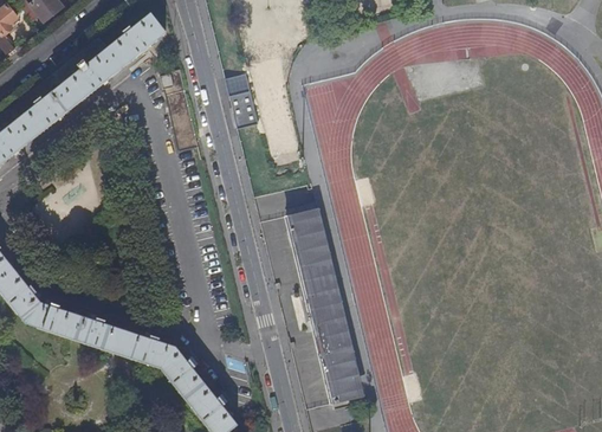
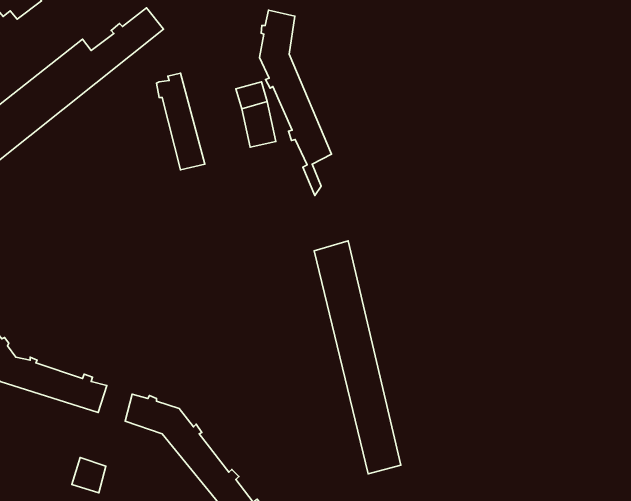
building: none -> [260,10,331,196]
building: [108,328,136,357] -> [72,457,106,493]

